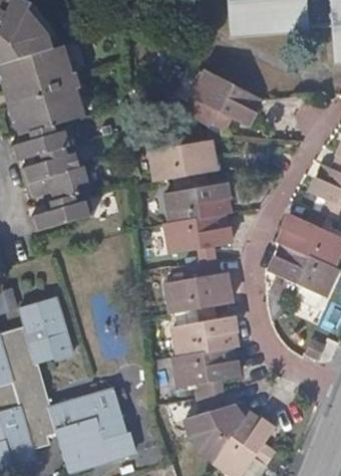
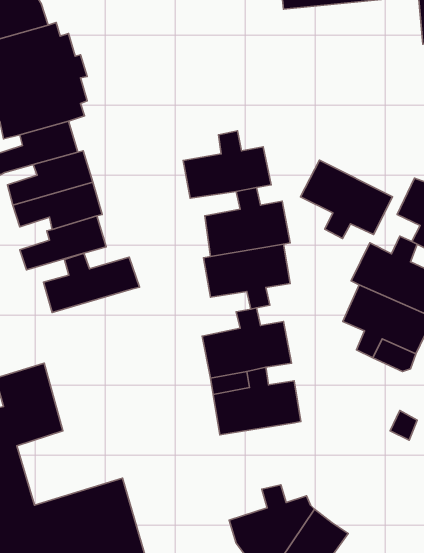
building: [194,70,262,129] -> [300,160,392,239]
building: none -> [43,253,140,312]
building: [176,346,240,396] -> none

